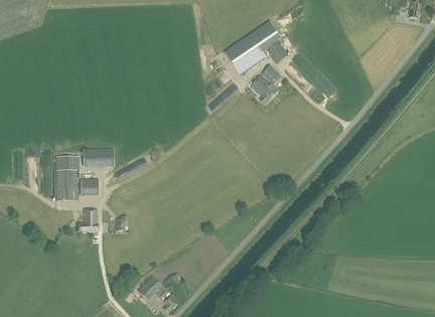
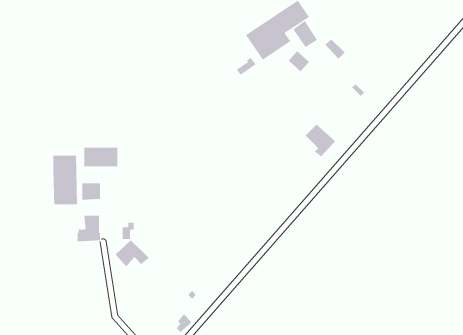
building: [251,74,278,104] -> [305,124,336,157]
building: [138,276,168,300] -> [115,239,149,267]

